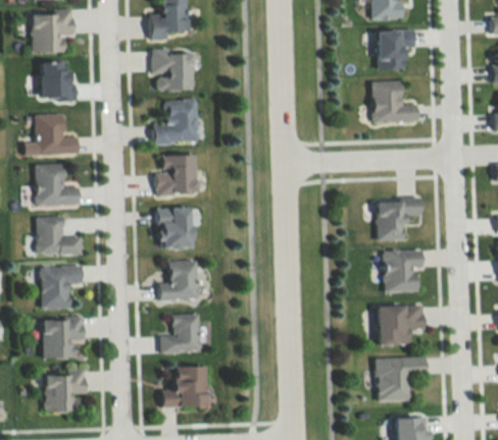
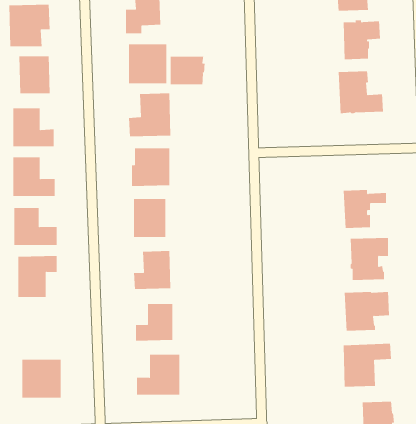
building: none -> [170,56,205,85]
building: [44,318,85,359] -> none

